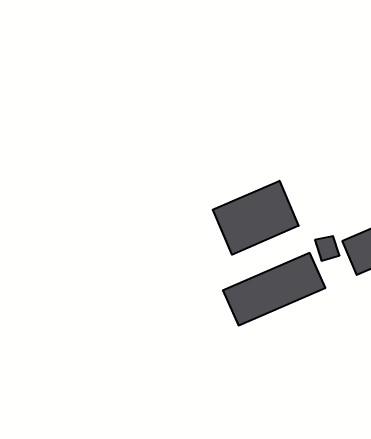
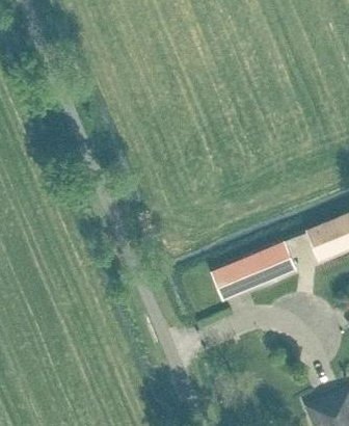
building: [213,181,299,255] -> none

